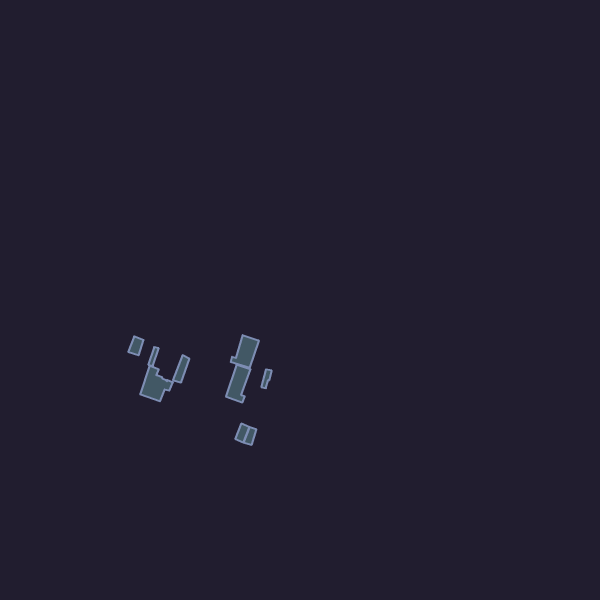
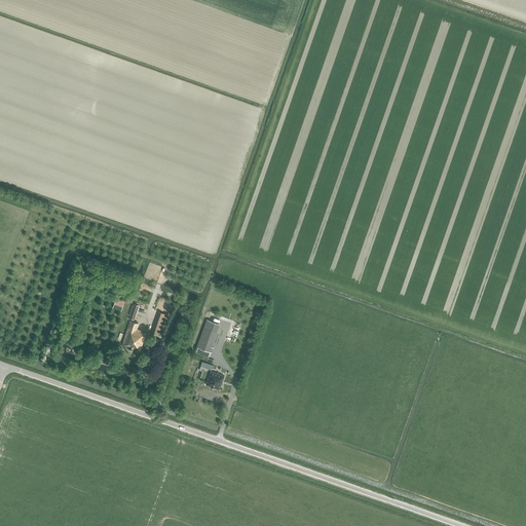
building: [231,335,259,368] -> none

